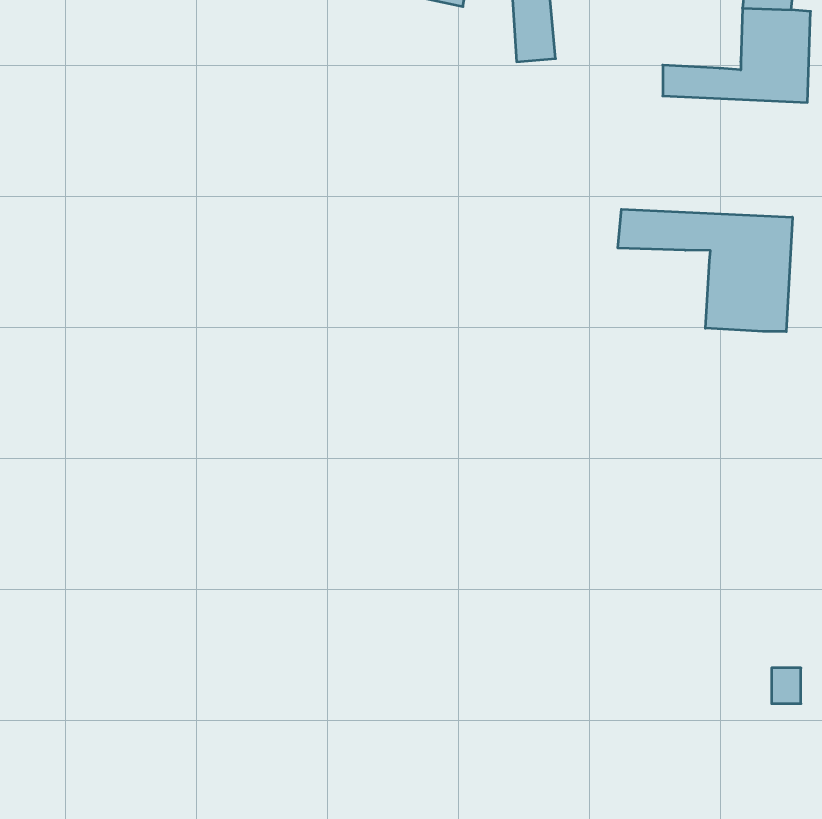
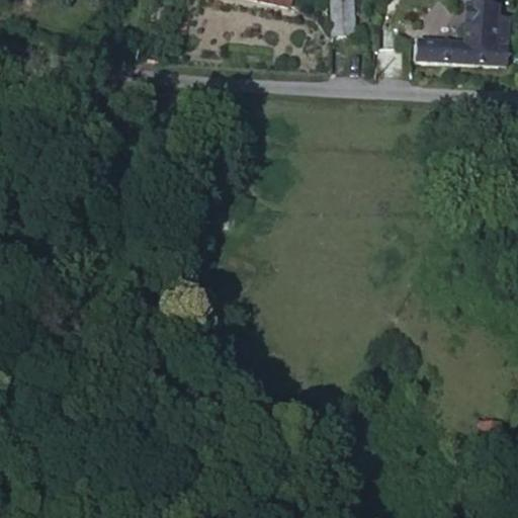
building: [618,209,792,332] -> none

